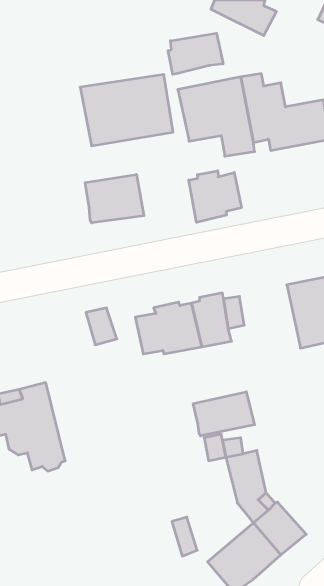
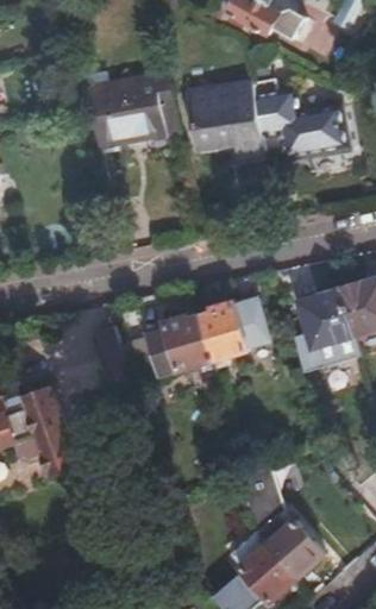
building: [168,33,223,74] -> none
building: [189,171,241,222] -> none
building: [85,174,144,223] -> none
building: [193,392,255,436] -> none

